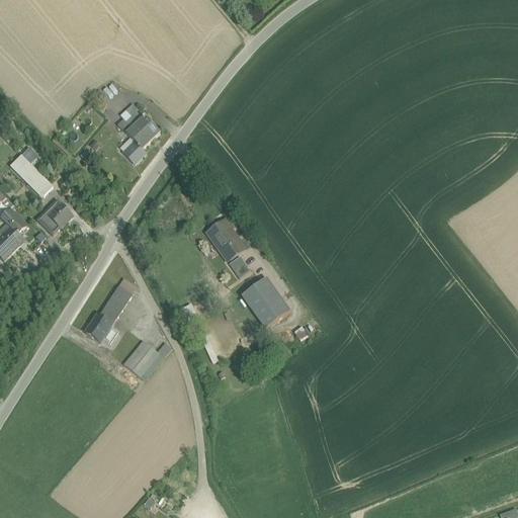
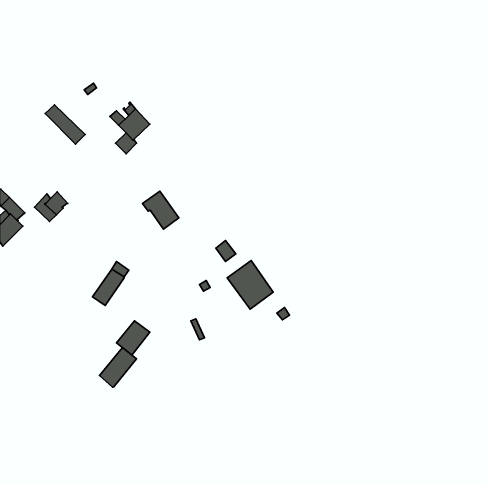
building: [10,155,53,196] -> [45,105,85,144]
building: [206,219,245,259] -> [143,191,179,229]
building: [85,314,111,342] -> none
building: none -> [100,348,136,387]

